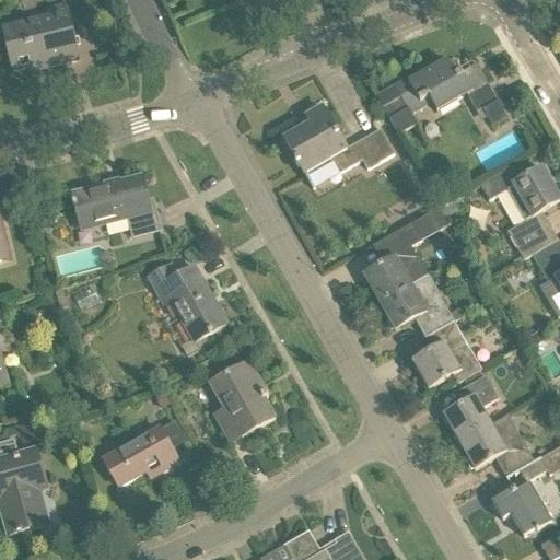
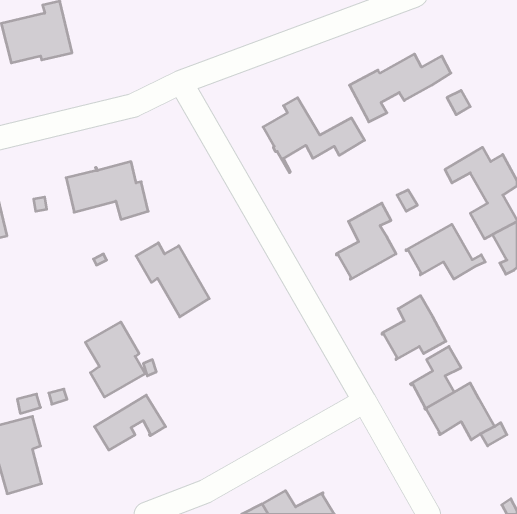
building: [377,273,463,332] -> [406,224,485,279]
building: [209,359,273,440] -> [85,322,145,397]
building: [491,482,550,535] -> none

